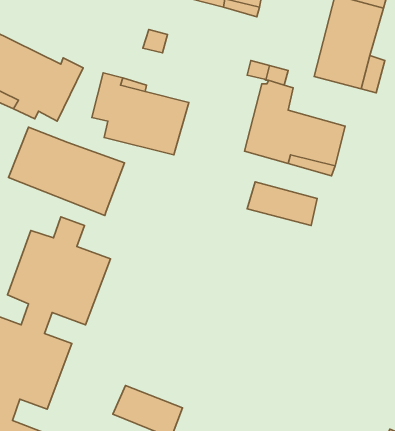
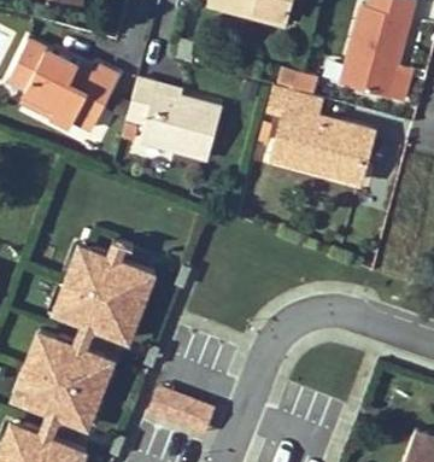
building: [9,127,124,215] -> none
building: [247,182,317,225] -> none

